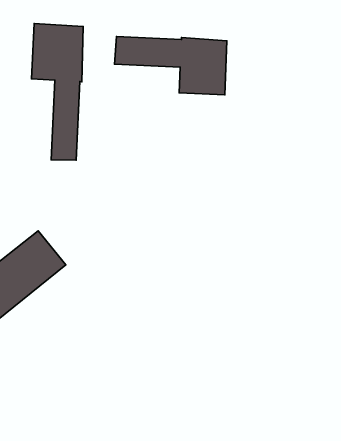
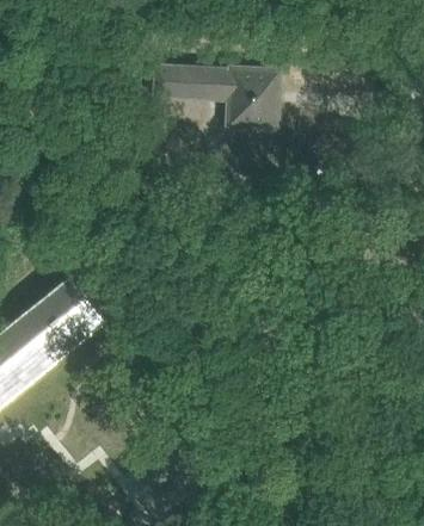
building: [32,24,83,160] -> none

